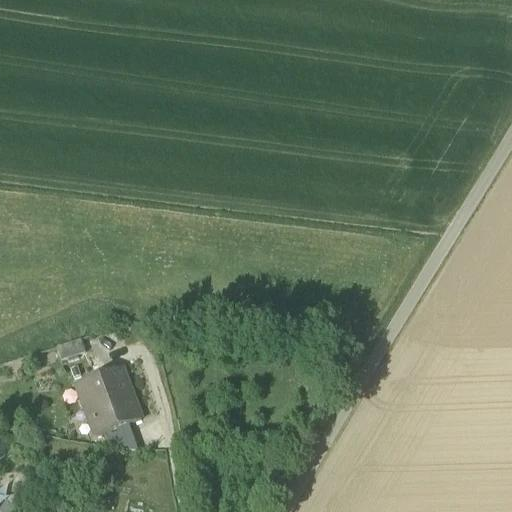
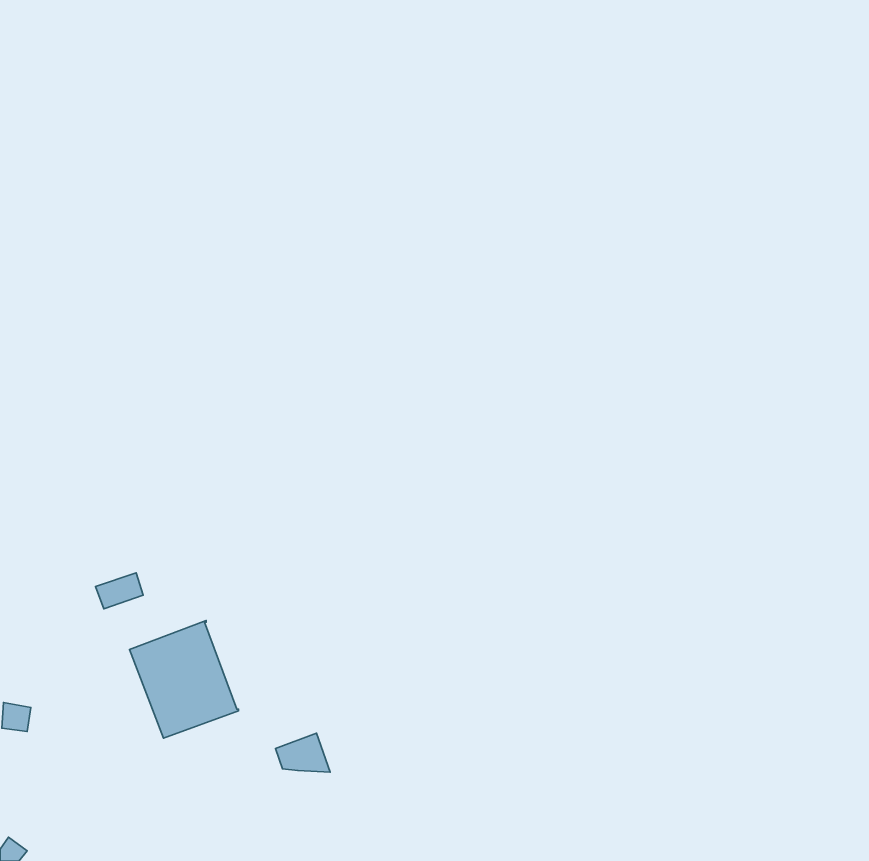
building: [106,425,138,448] -> [276,733,330,772]

